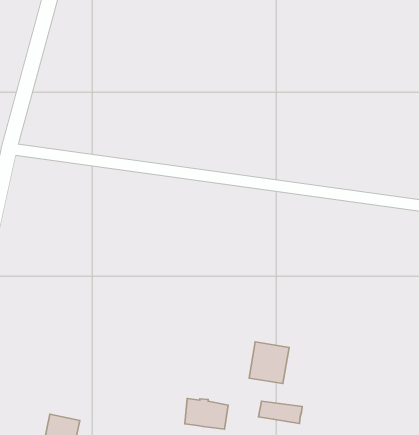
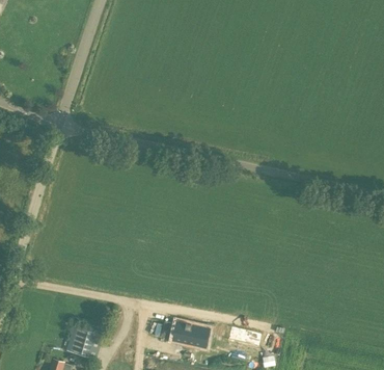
building: [249,342,289,384] -> none

